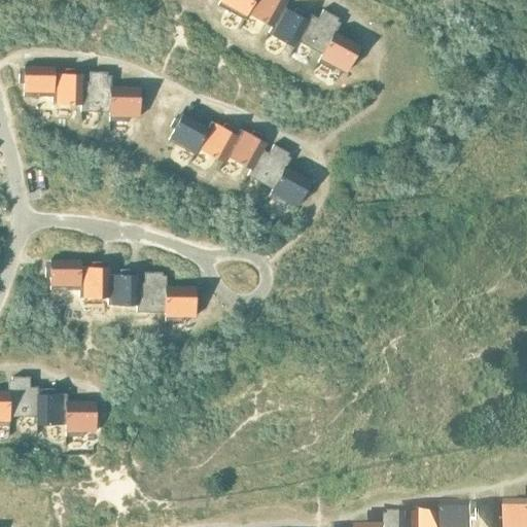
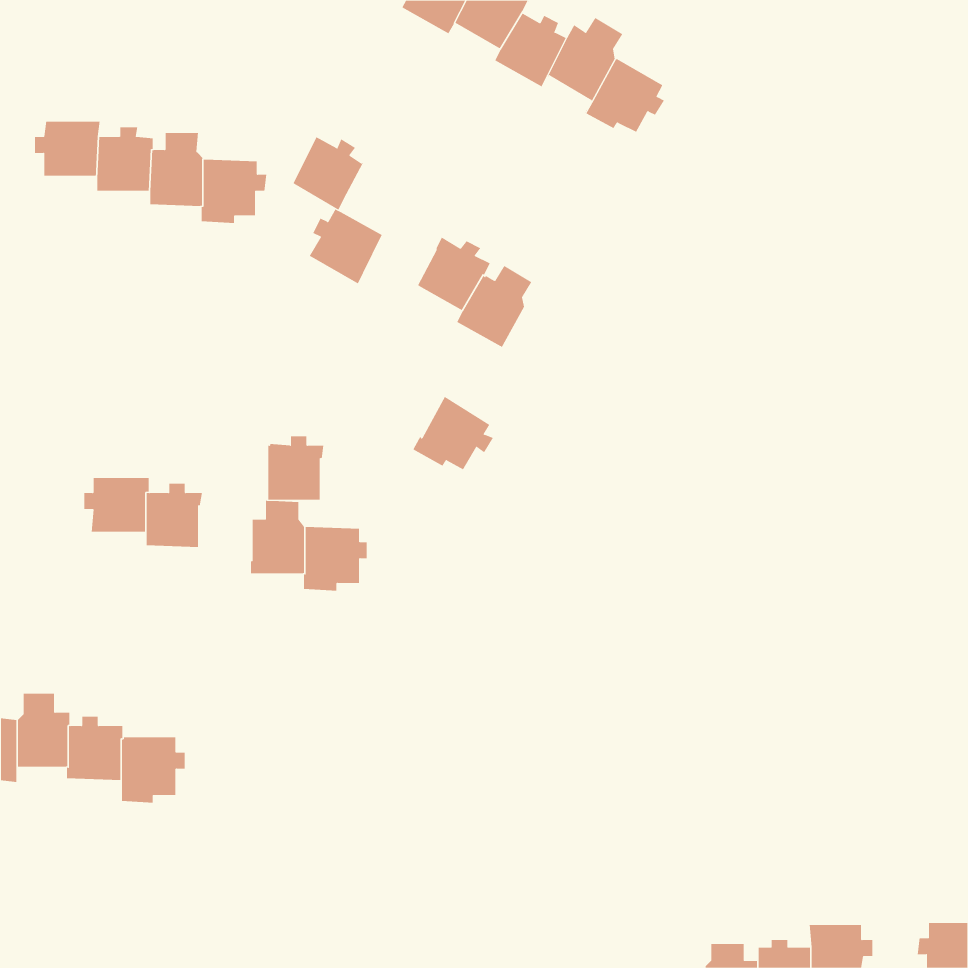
building: [198,121,237,162] -> [291,136,363,210]
building: [268,167,312,207] -> [412,396,494,470]
building: [108,270,139,305] -> [267,436,324,500]

